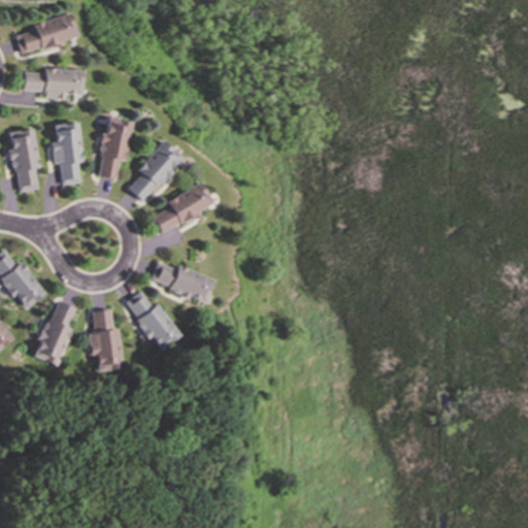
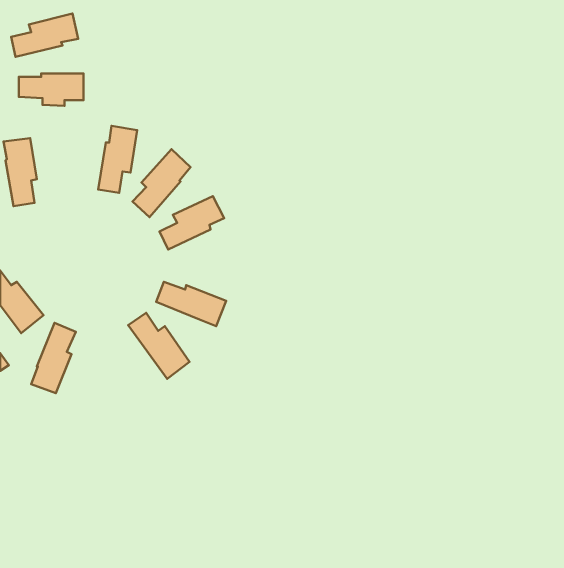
building: [51,122,82,185] -> none
building: [88,309,122,371] -> none

